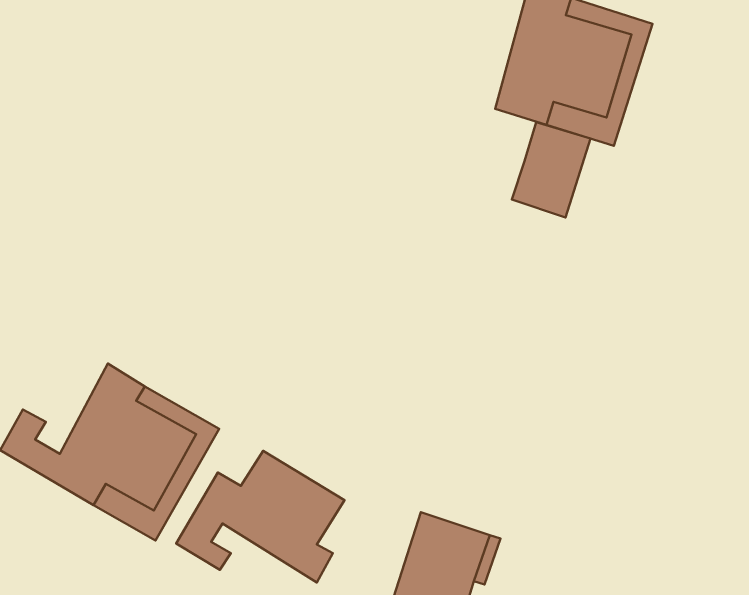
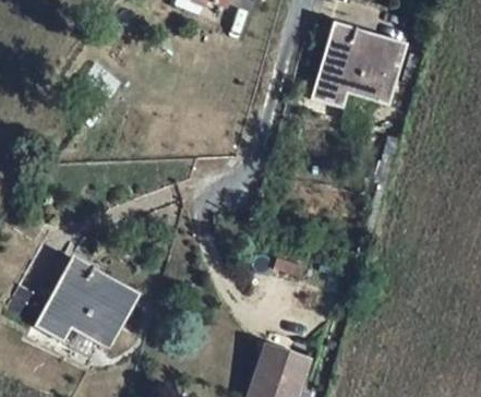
building: [512,122,591,217] -> none
building: [176,451,344,582] -> none

